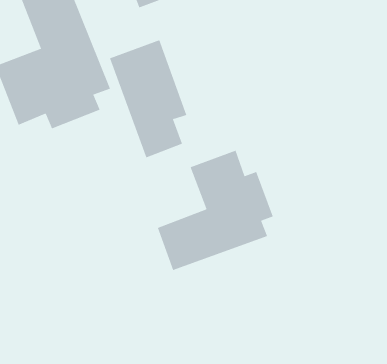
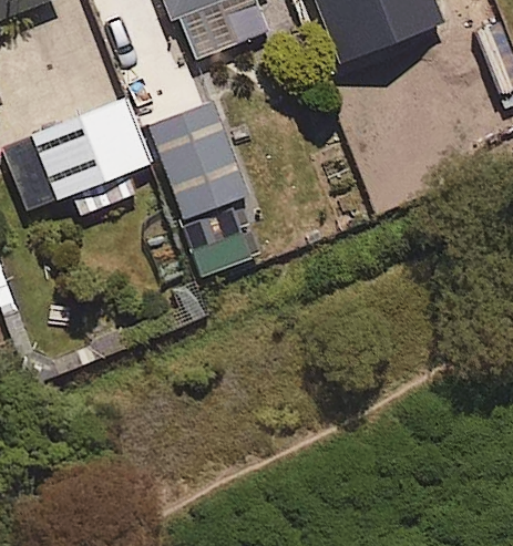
building: [157,150,274,271] -> none

